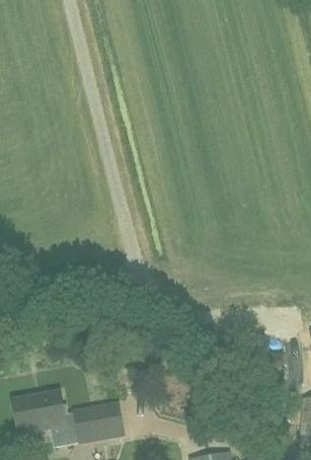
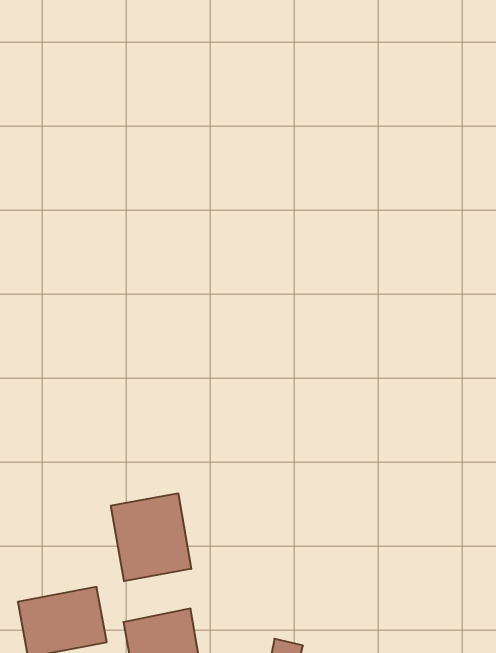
building: none -> [111,493,191,581]

